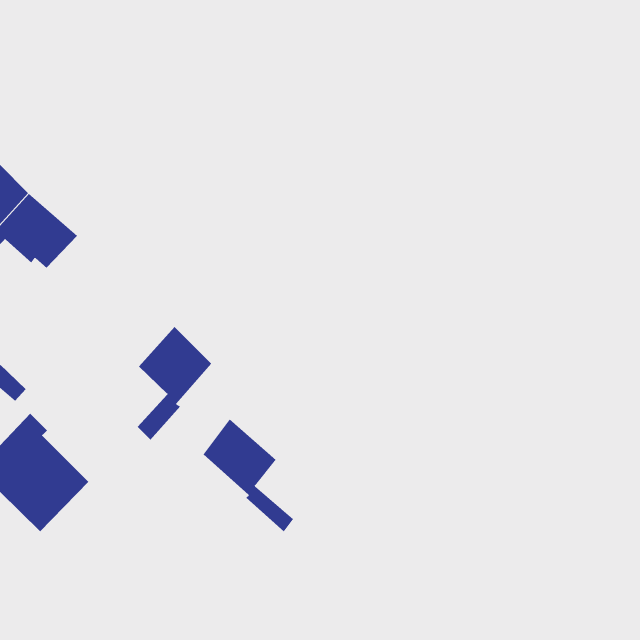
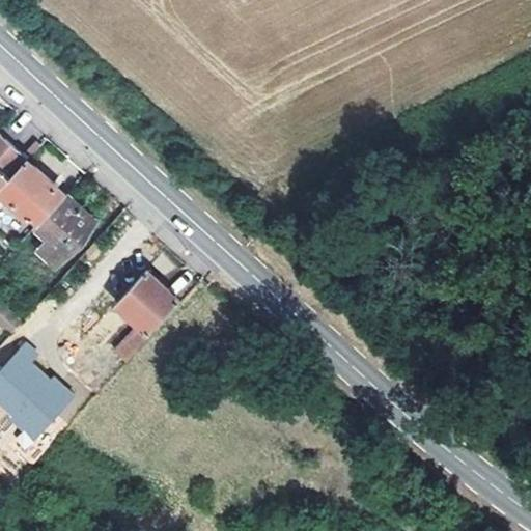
building: none -> [35,196,94,267]
building: [203,419,294,532] -> none

